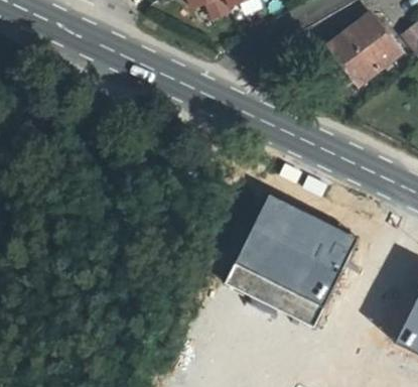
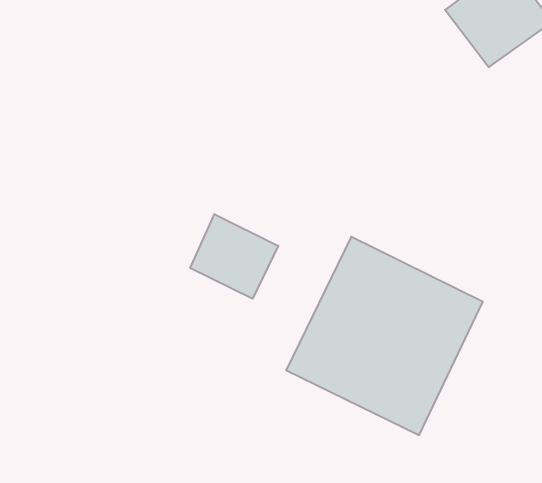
building: none -> [190,214,278,299]

